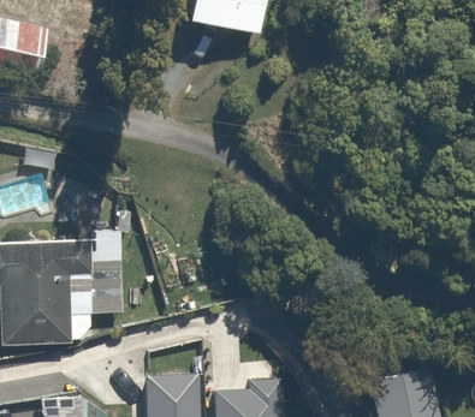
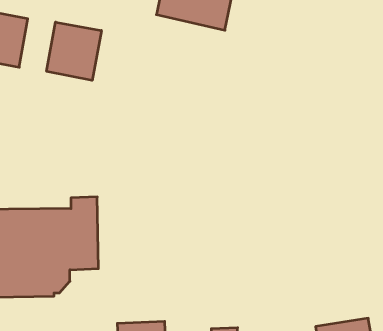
building: none -> [47,22,101,80]

